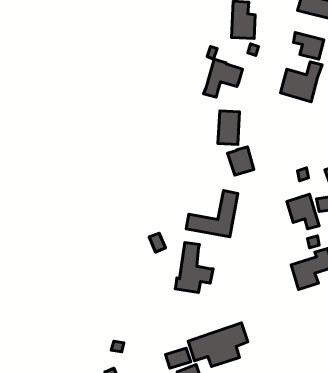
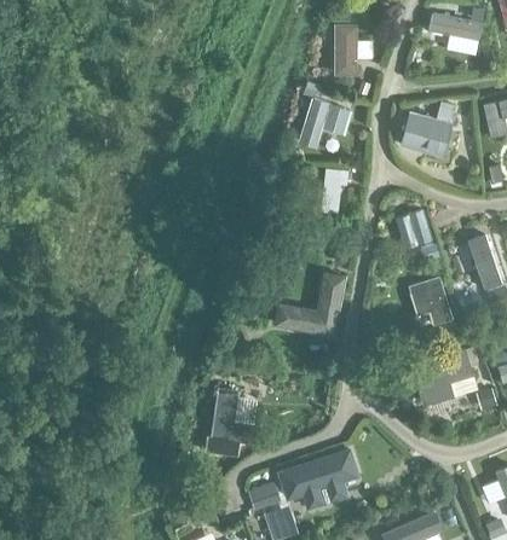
building: [293,33,324,59] -> none
building: [228,147,254,175] -> [397,210,432,248]
building: [175,243,213,292] -> [206,389,257,455]

